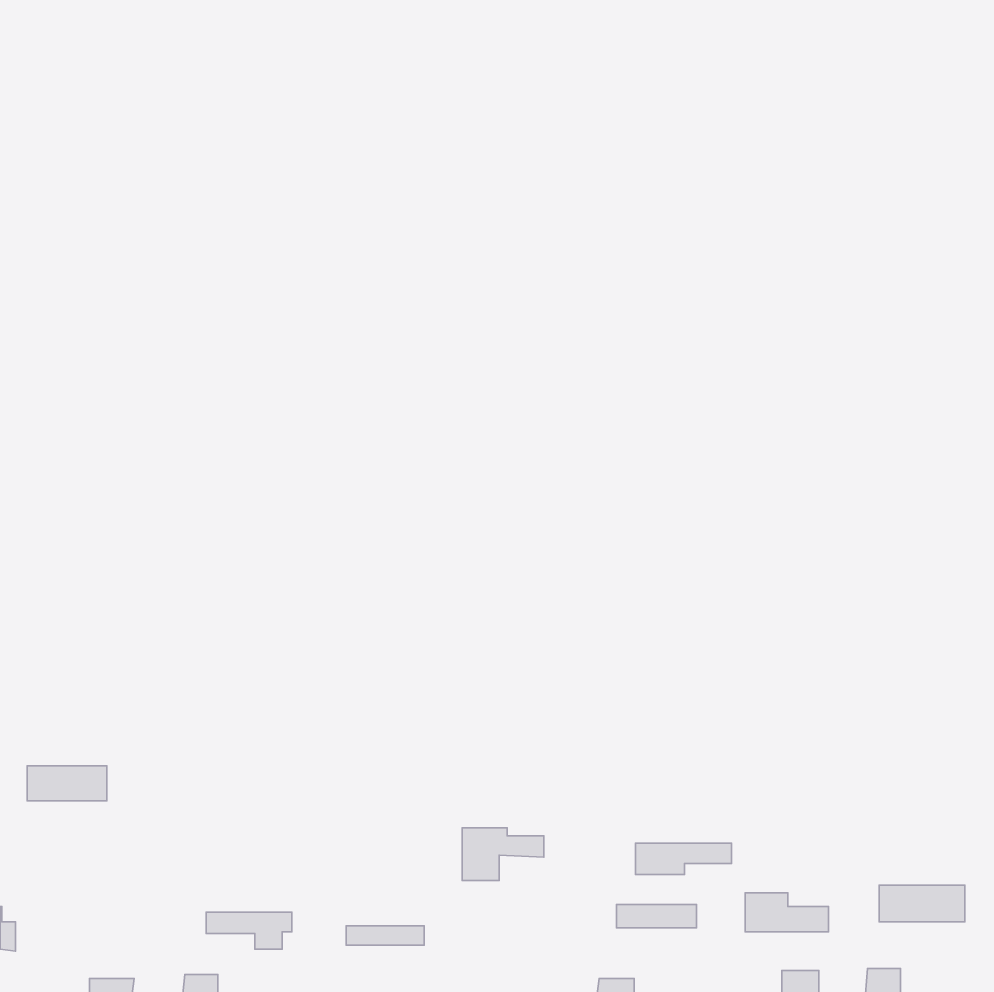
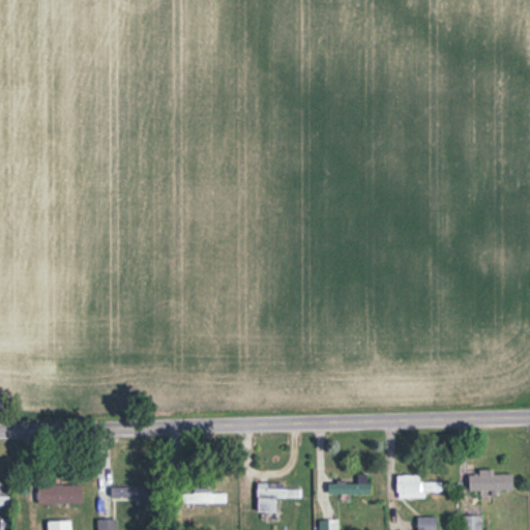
building: [27,766,107,801] -> [38,485,81,504]
building: [462,828,544,880] -> [257,484,300,512]
building: [635,843,732,875] -> none

